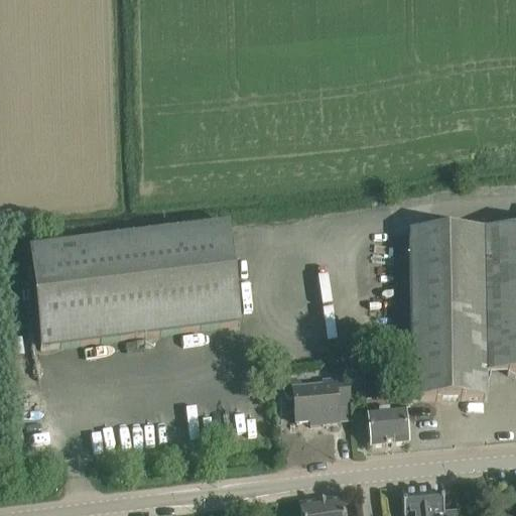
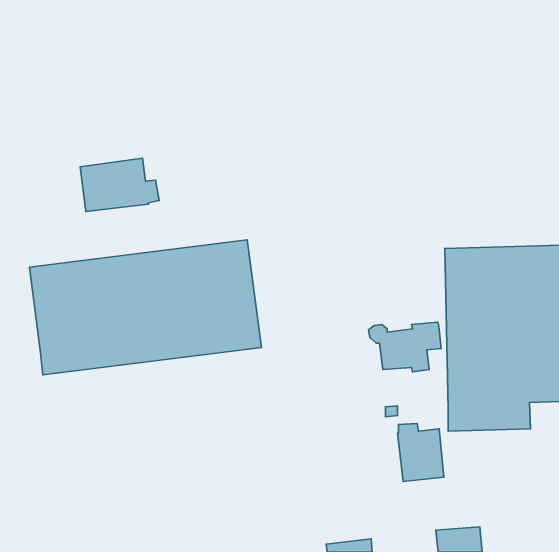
building: none -> [80,158,159,212]
building: [284,374,351,419] -> [369,322,441,372]

